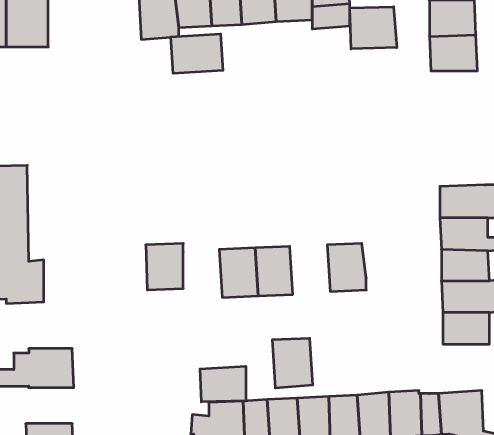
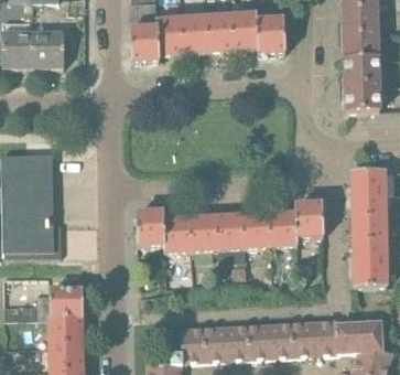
building: [350,7,397,49] -> none
building: [171,34,223,73] -> none
building: none -> [345,85,379,111]
building: none -> [294,203,324,237]
building: none -> [163,216,192,253]
building: [272,338,313,388] -> [241,213,271,249]
building: [200,366,246,402] -> none
building: none -> [47,318,82,344]

